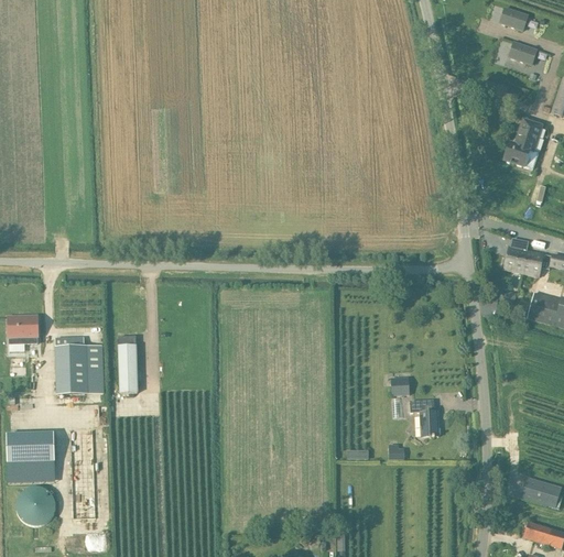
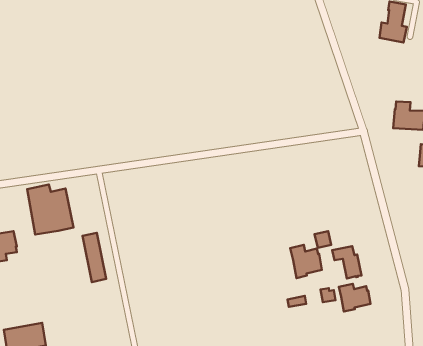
building: [56,337,104,393] -> [27,185,74,235]
building: none -> [290,245,322,278]
building: none -> [339,284,370,312]

